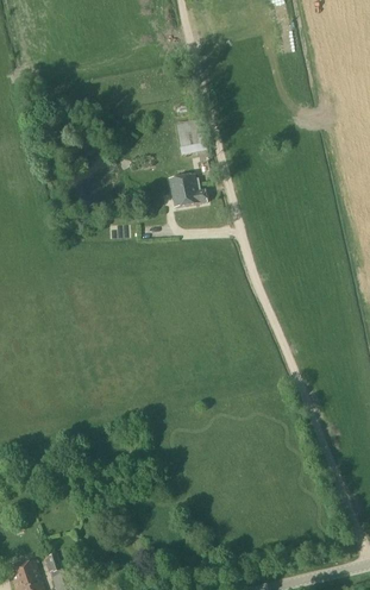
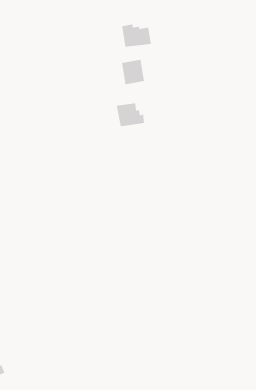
building: none -> [121,23,152,48]

